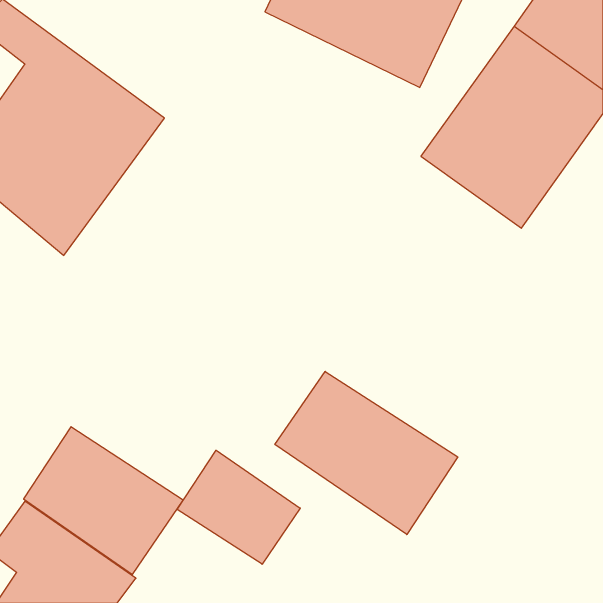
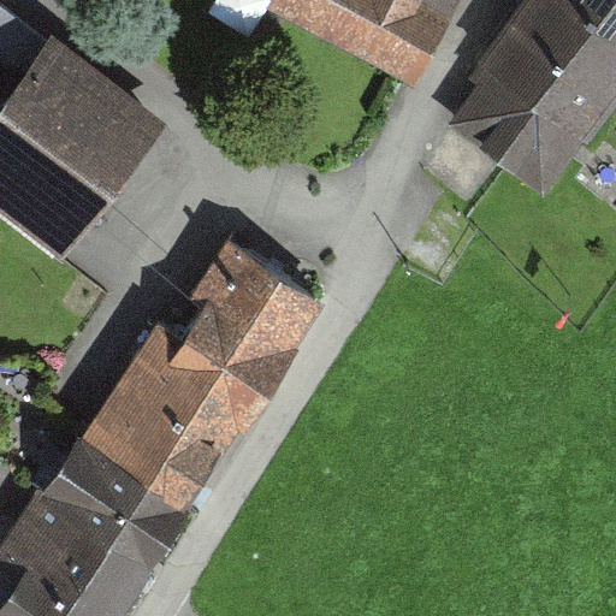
building: none -> [76,241,320,505]
building: [275,371,458,535] -> none
building: [177,450,300,564] -> none

